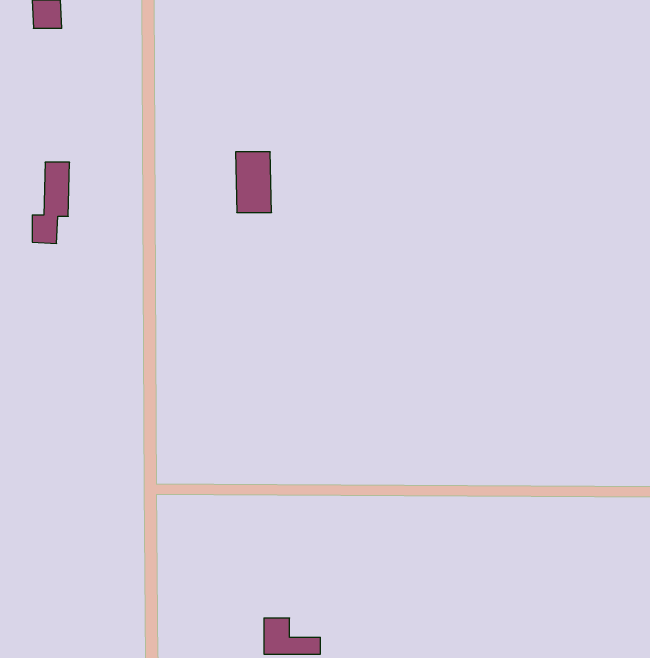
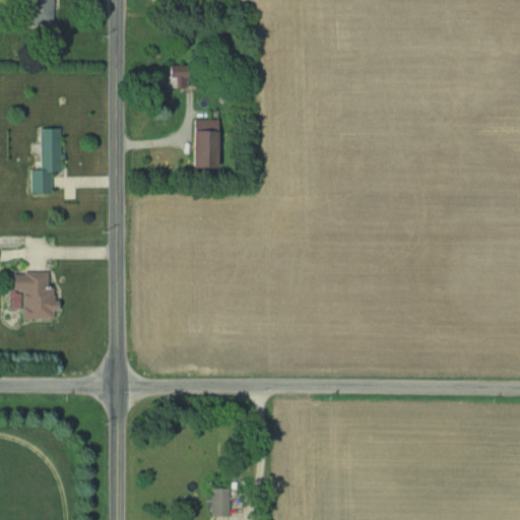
building: none -> [169,65,190,87]
building: none -> [12,272,55,318]

